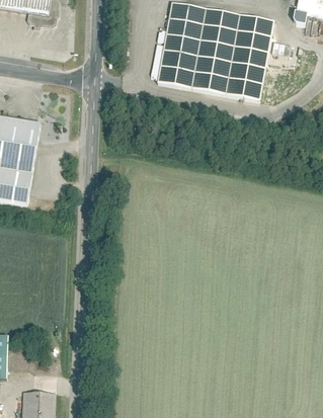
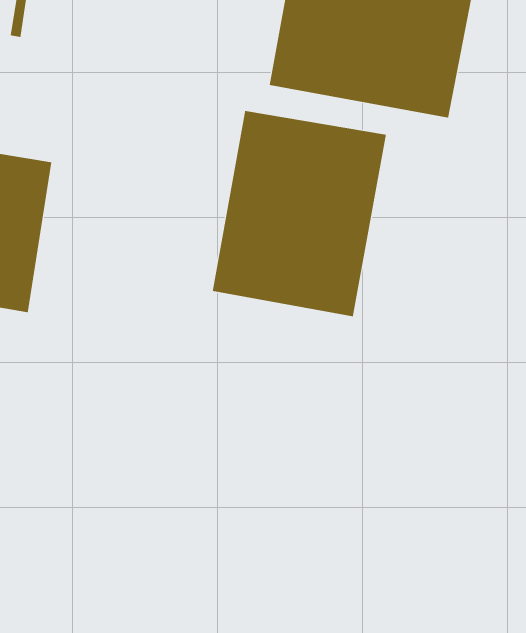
building: none -> [212,110,387,317]

